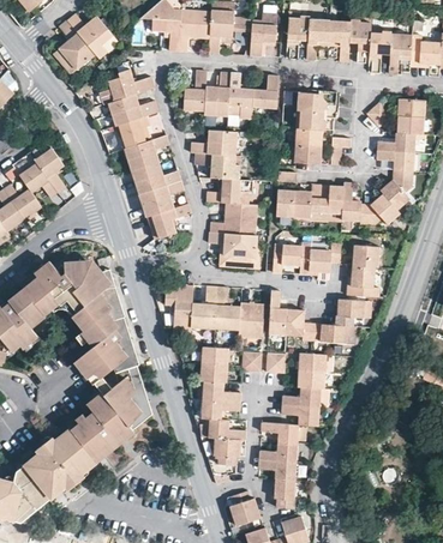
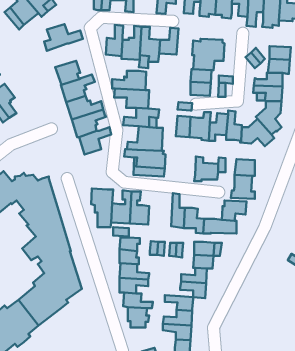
building: [107,95,158,127] -> none
building: [273,245,301,273] -> none
building: [239,303,264,339] -> none

